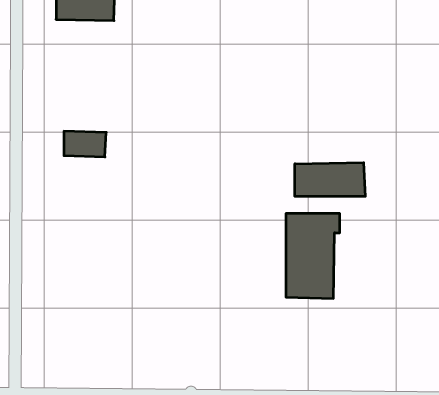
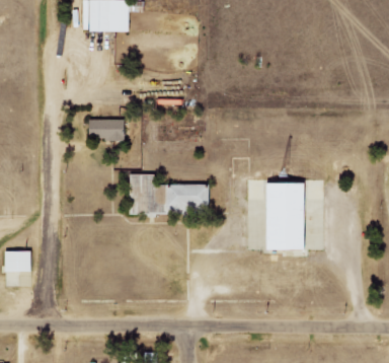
building: [295,163,365,196] -> none
building: none -> [130,174,208,214]

